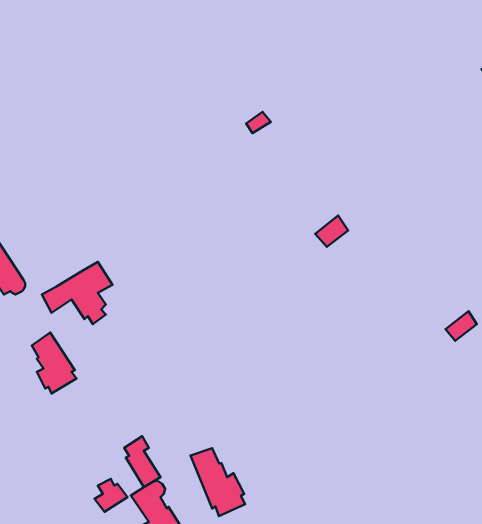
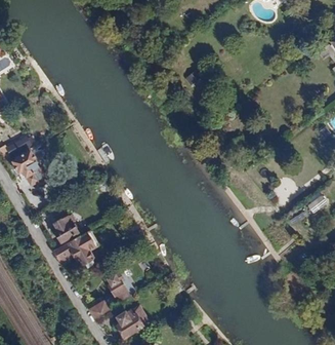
building: [42,262,113,324] -> [53,231,97,270]
building: [191,448,245,516] -> none

